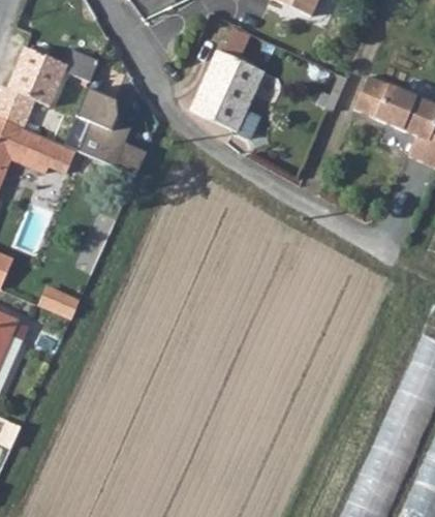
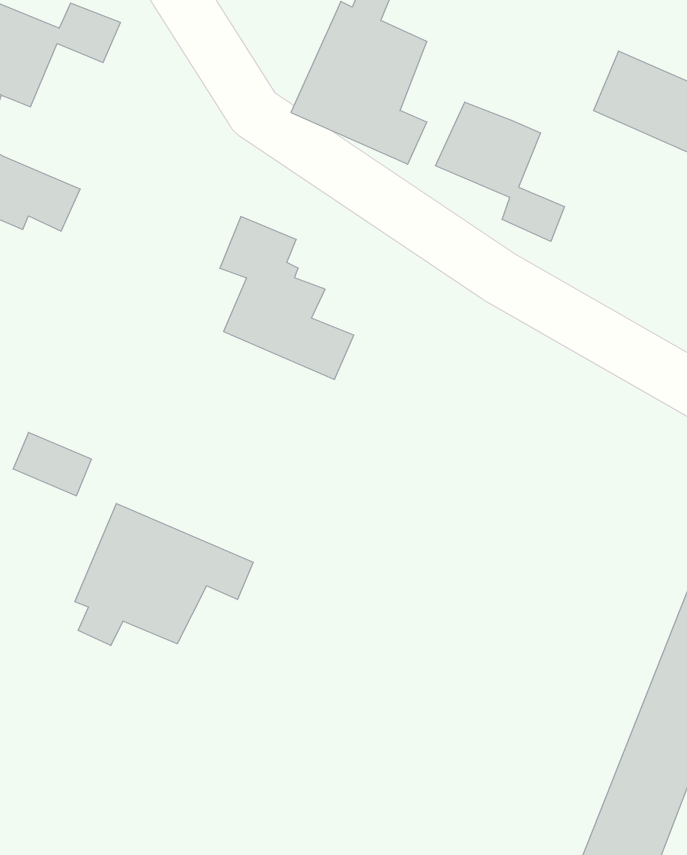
building: [75,89,148,177] -> [220,217,354,379]
building: none -> [436,102,565,241]
building: none -> [75,503,253,646]

